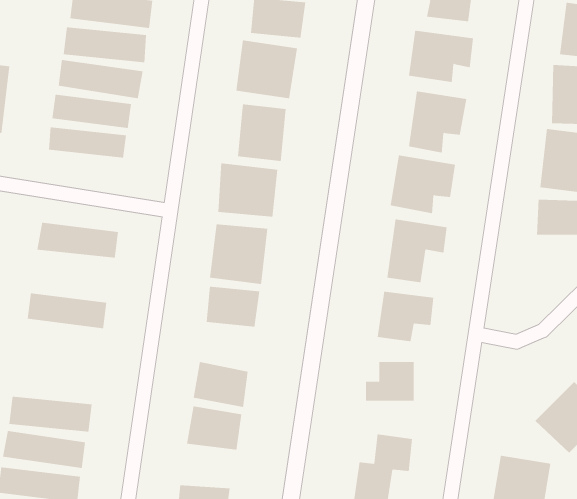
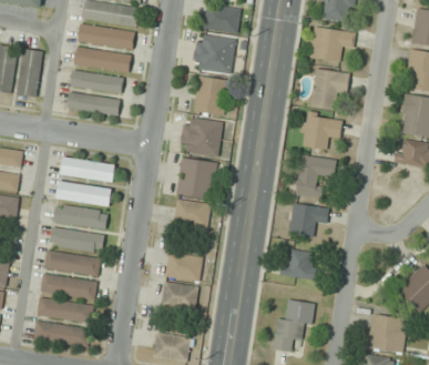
building: none -> [57,181,112,205]
building: none -> [50,227,104,252]
building: none -> [44,251,101,276]

